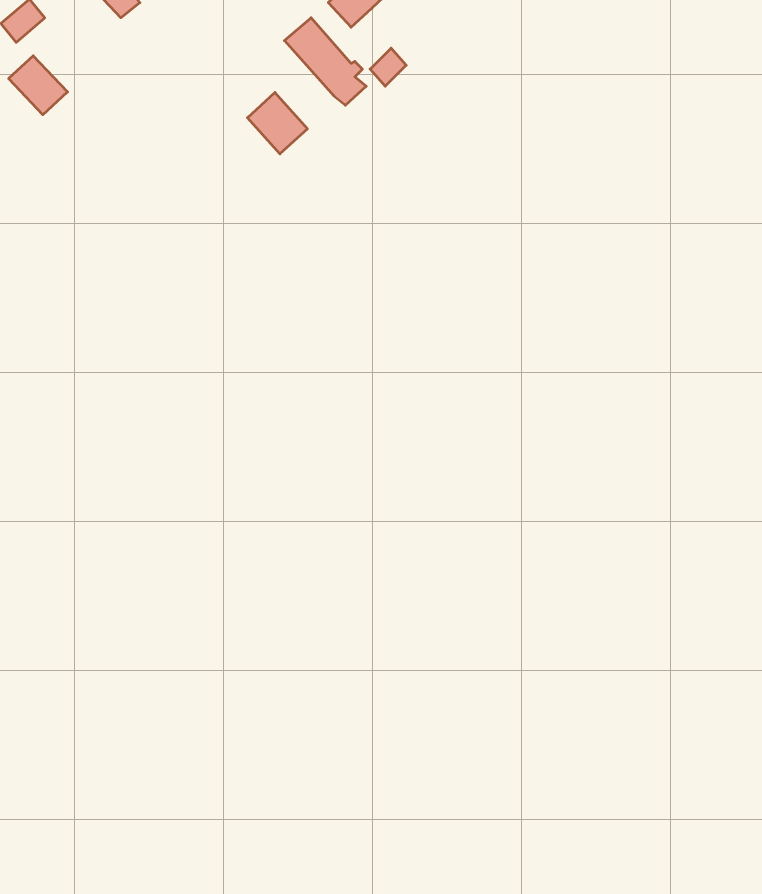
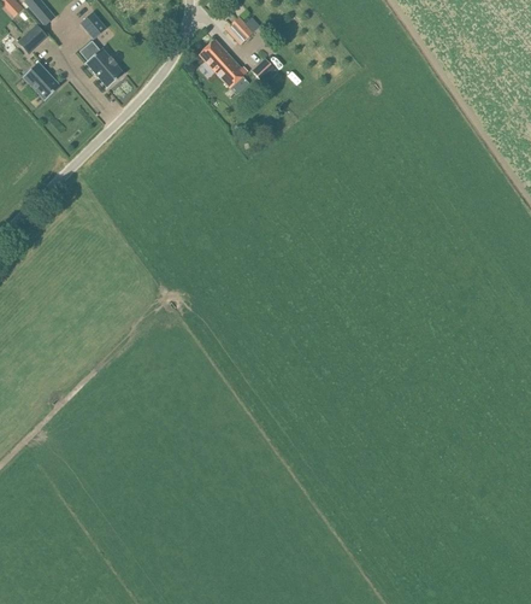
building: none -> [84,46,124,88]
building: [247,92,307,154] -> none

